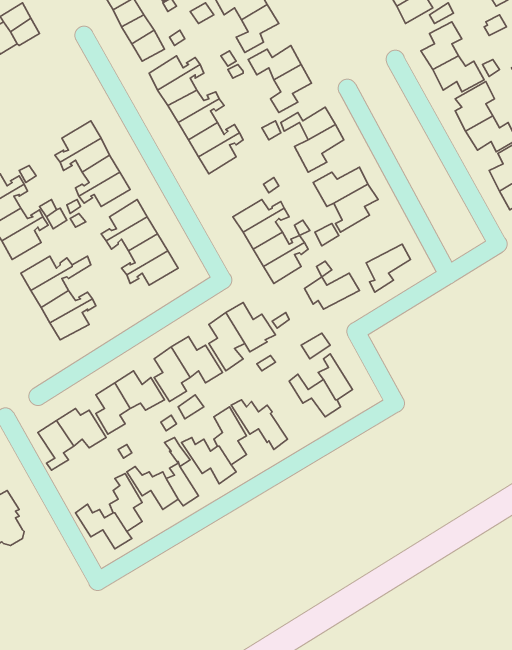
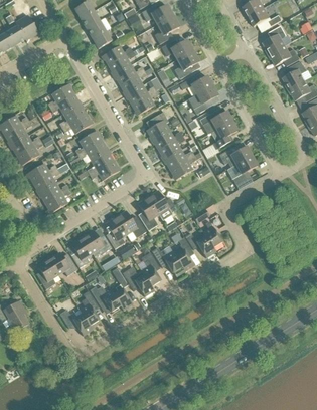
building: none -> [146,112,169,140]
building: [305,273,359,309] -> [219,146,252,167]
building: none -> [174,236,194,270]

